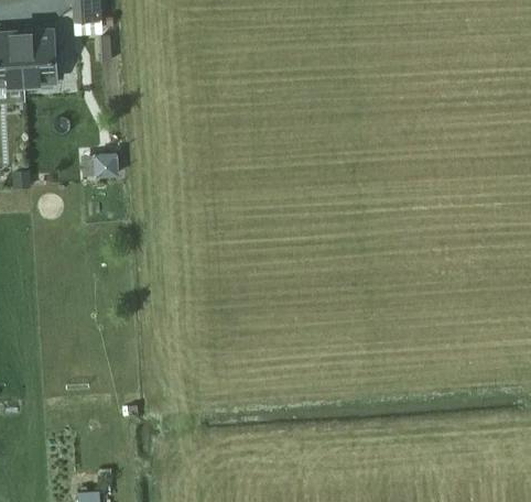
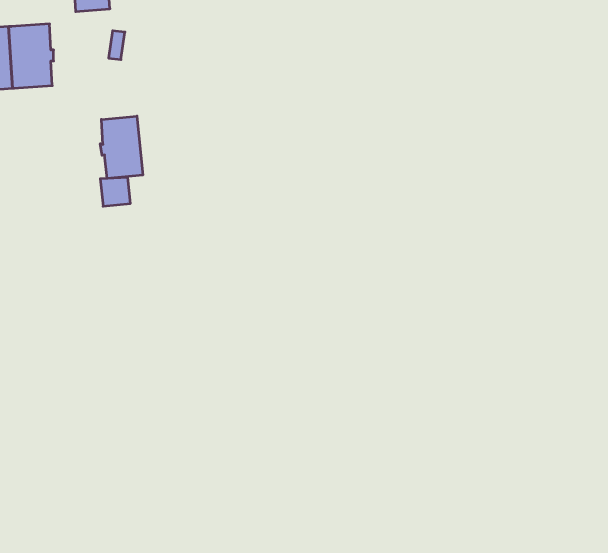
building: none -> [100,116,143,178]

